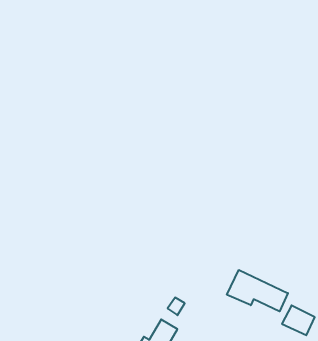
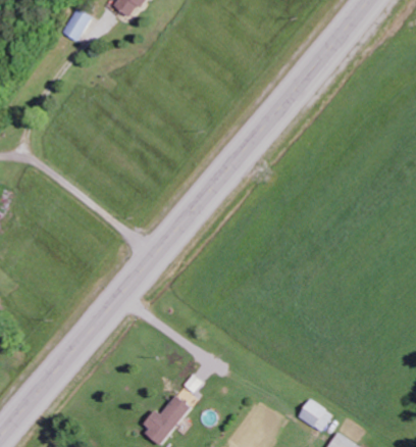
building: [227,270,288,311] -> none

